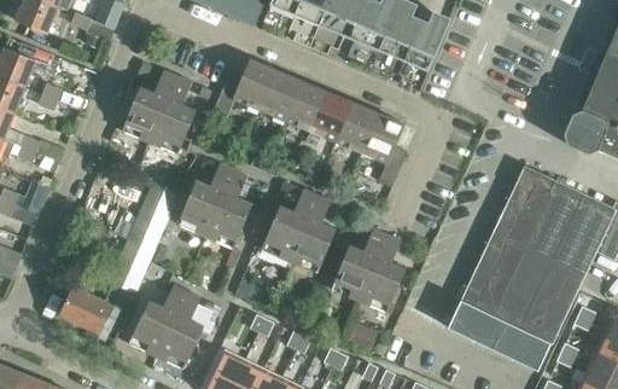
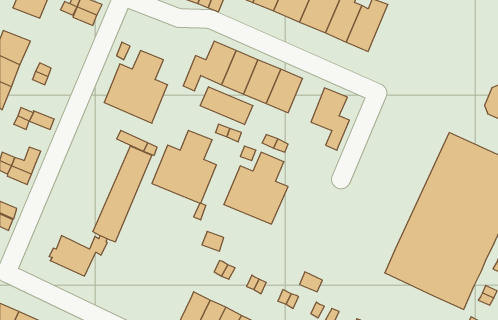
building: [336,103,378,153] -> none
building: none -> [200,87,253,125]
building: [331,228,406,313] -> none
building: [128,284,204,370] -> none

